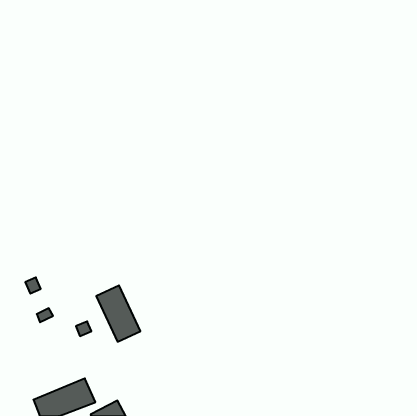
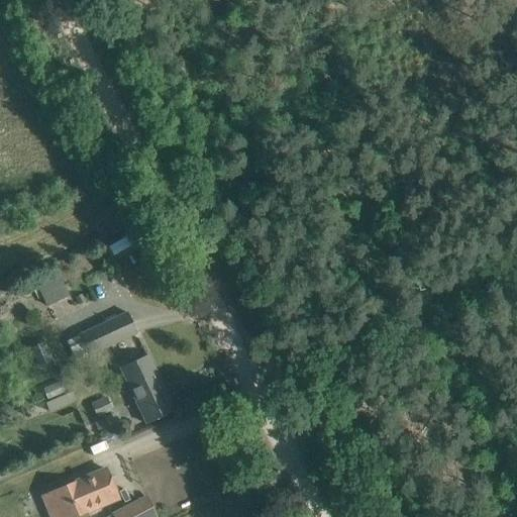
building: none -> [38,275,68,304]
building: none -> [79,311,136,354]

